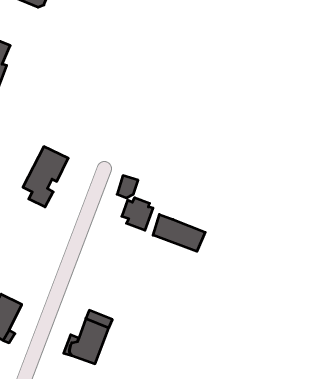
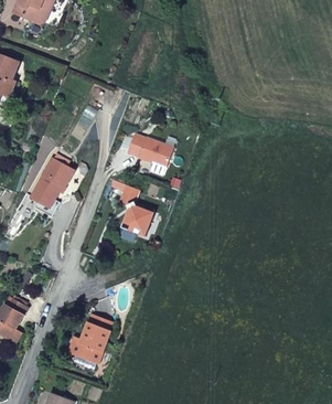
building: none -> [127,131,173,166]
building: [153,214,205,251] -> none

